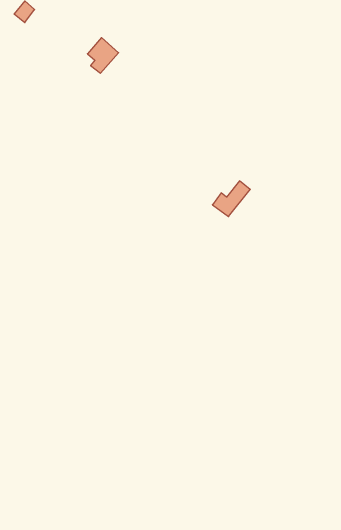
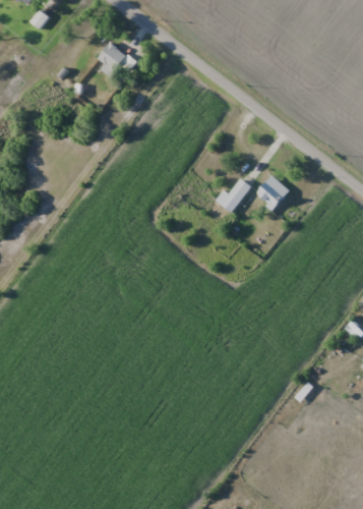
building: none -> [256,174,290,209]

